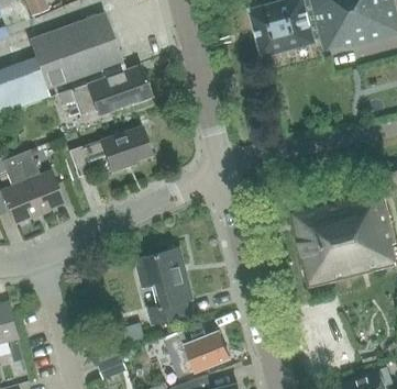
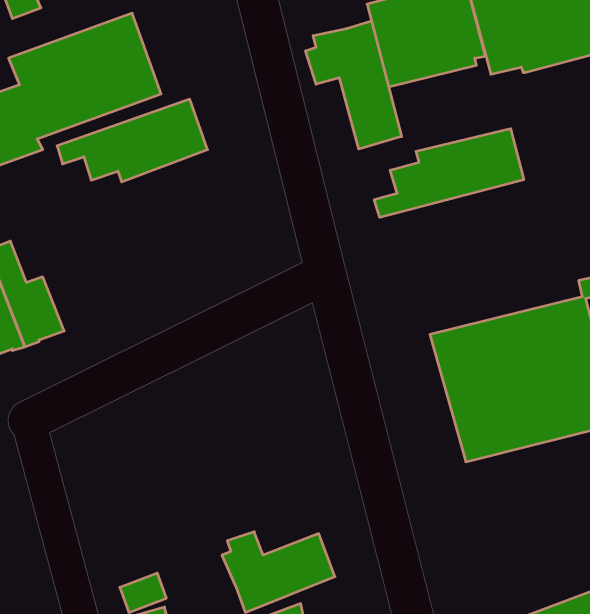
building: none -> [306,21,402,149]
building: none -> [374,129,524,217]
building: [68,127,152,177] -> none
building: [136,251,191,323] -> none

